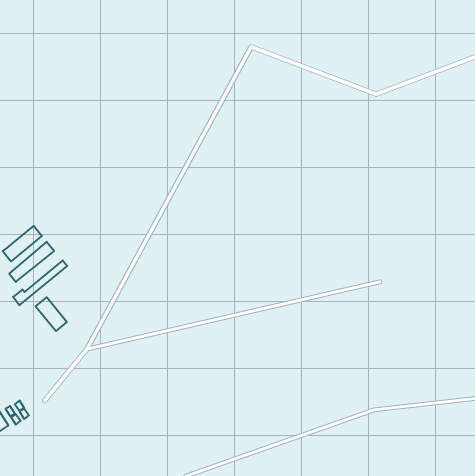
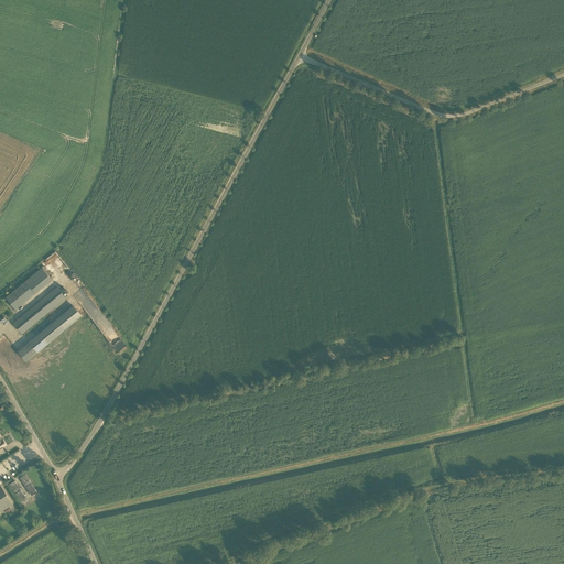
building: [36,297,67,331] -> none

